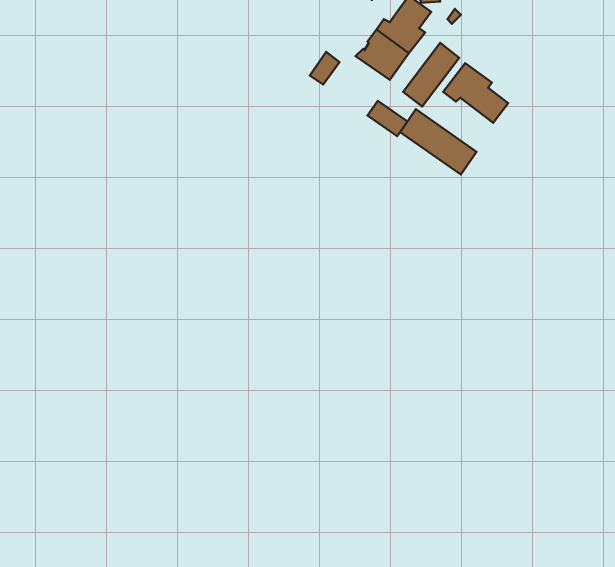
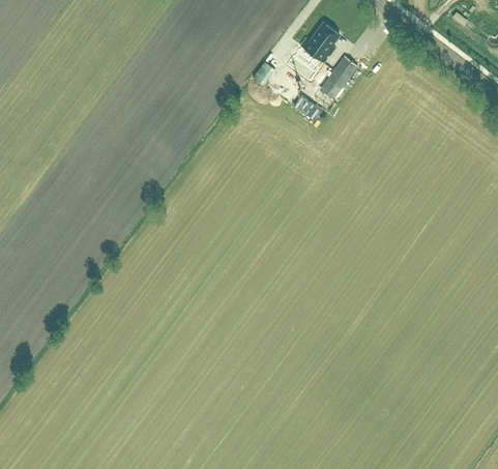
building: [443,63,508,123] -> none
building: [400,109,476,175] -> none

